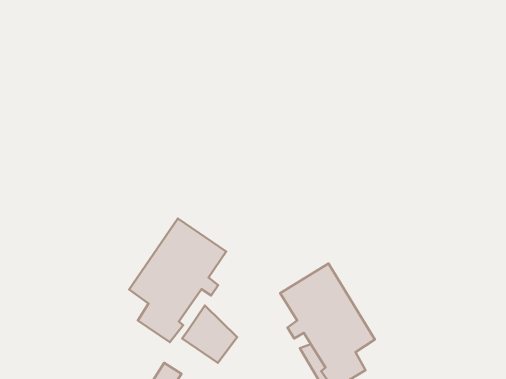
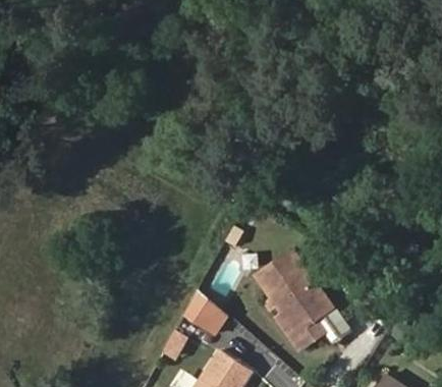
building: [129,218,226,342] -> none

